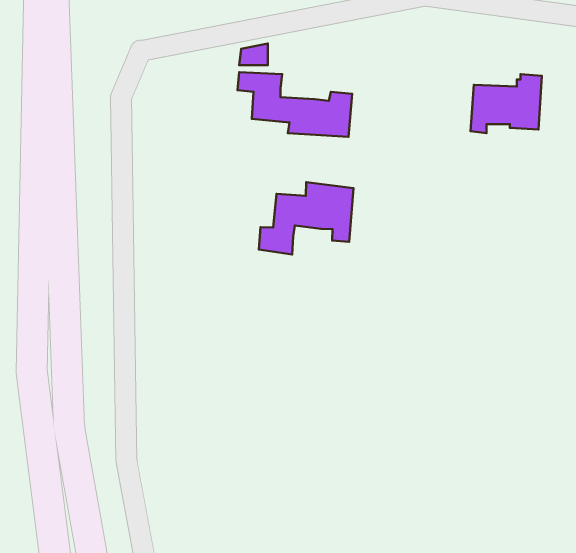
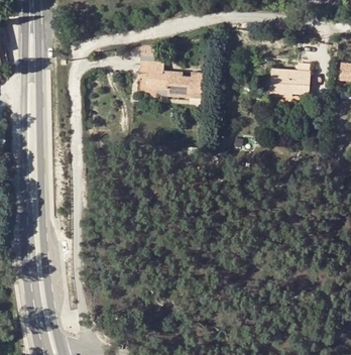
building: [259,182,354,255] -> none

